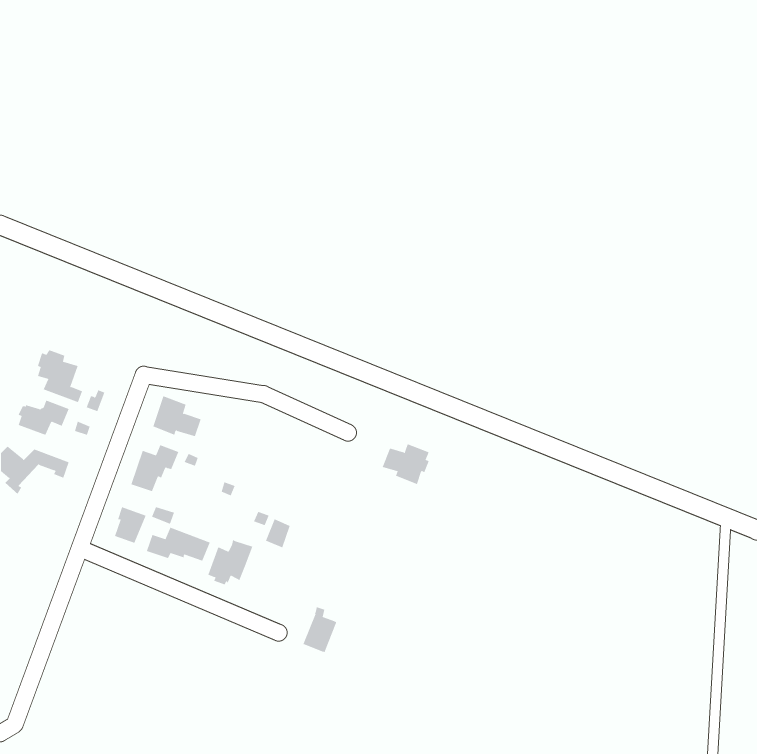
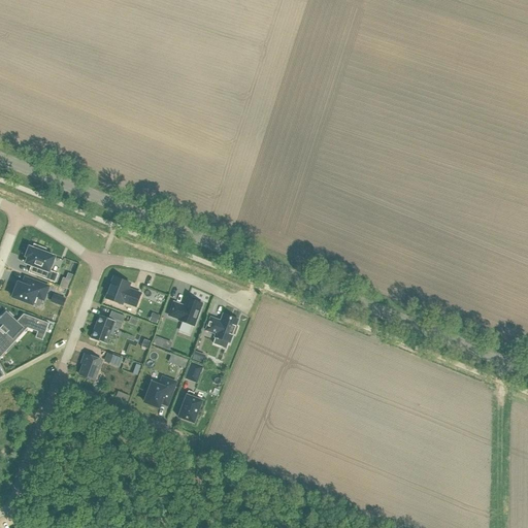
building: none -> [169,297,202,324]
building: [382,443,429,485] -> [205,312,238,341]
building: [146,527,211,561] -> none
building: [303,606,337,654] -> [178,389,202,422]

